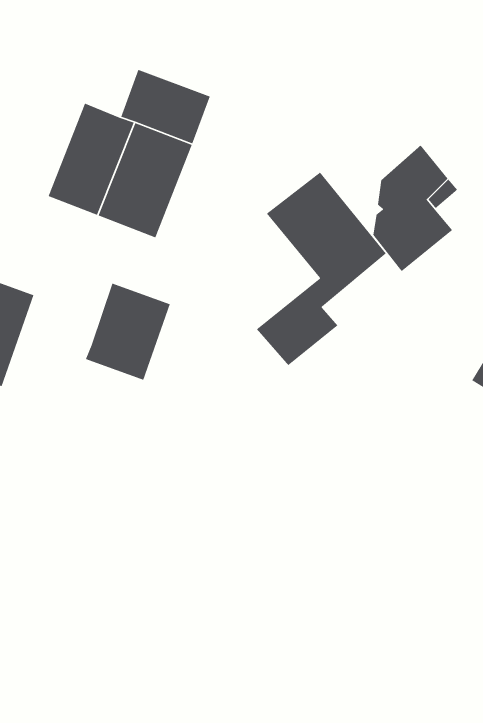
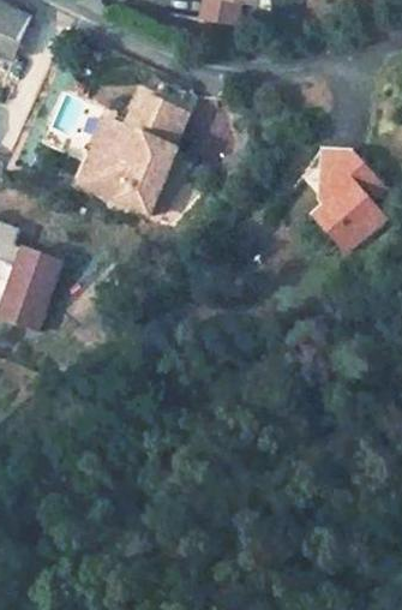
building: [256,171,387,366] -> none
building: [85,283,171,381] -> none

